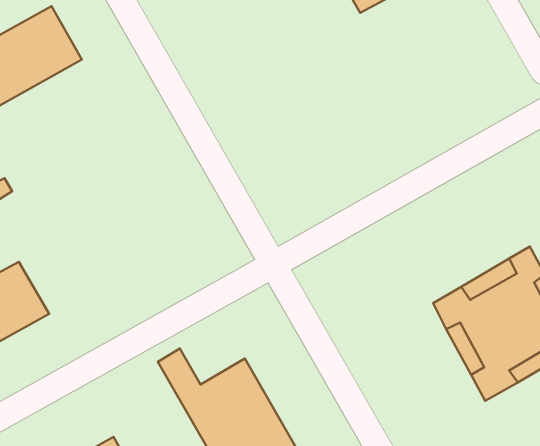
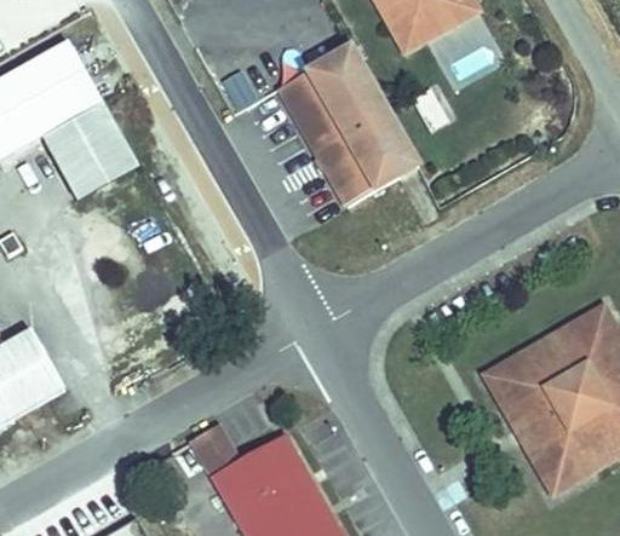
building: none -> [275,46,414,203]
building: none -> [44,100,140,202]

